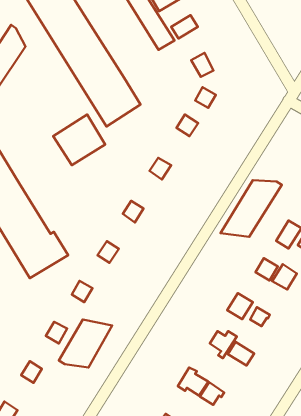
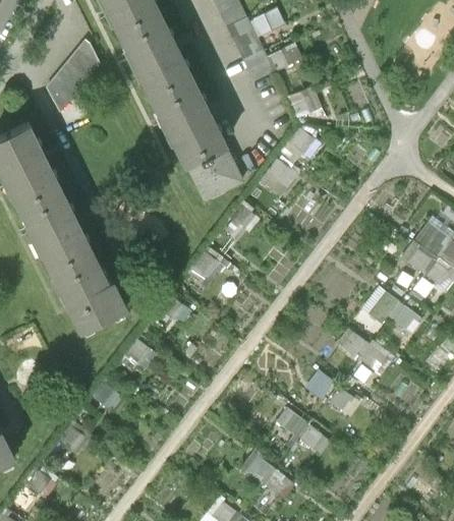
building: [53,114,105,165] -> [184,142,243,199]
building: [220,180,282,237] -> none
building: [59,319,112,368] -> none

